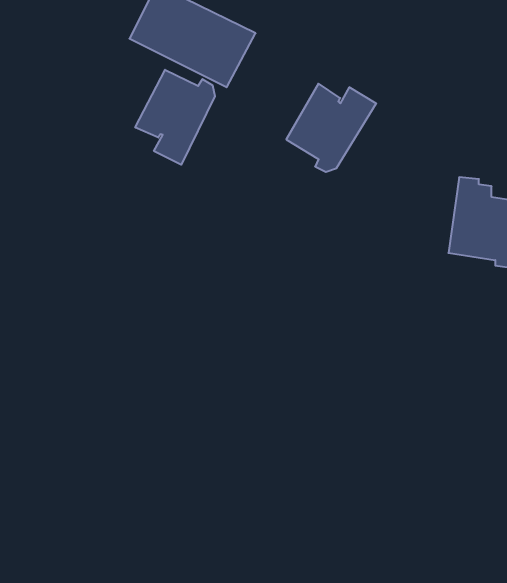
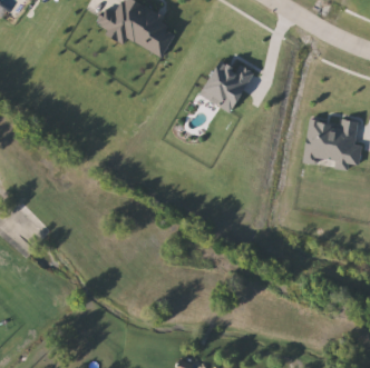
building: [135,70,215,165] -> none

